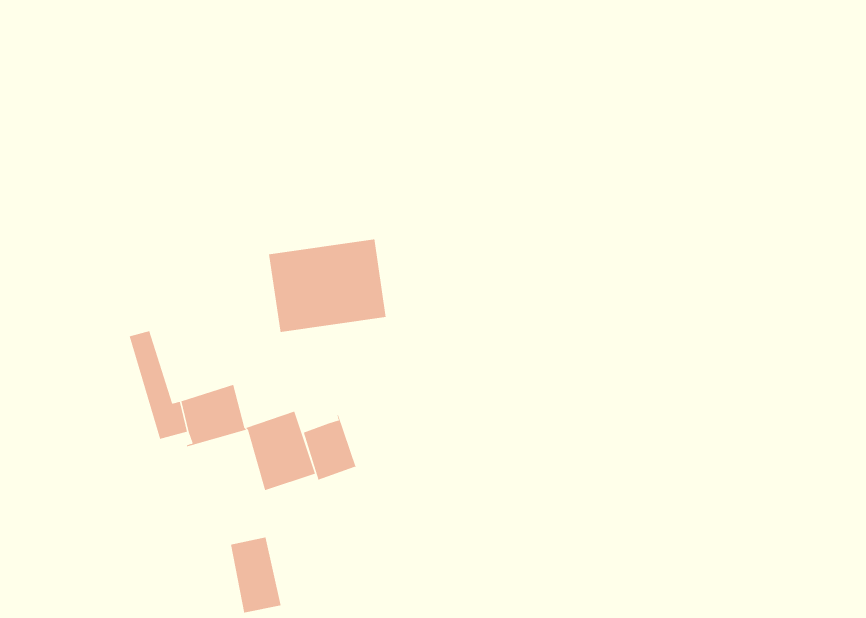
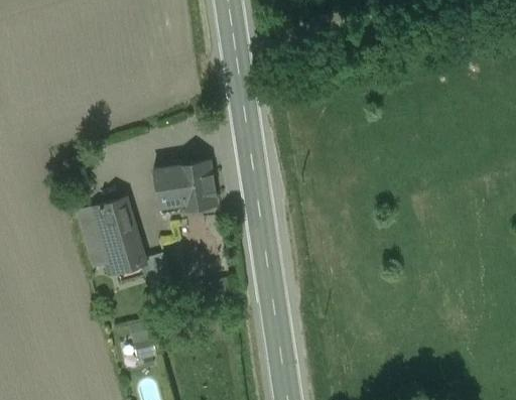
building: none -> [91,198,135,247]
building: [303,414,357,481] -> none

